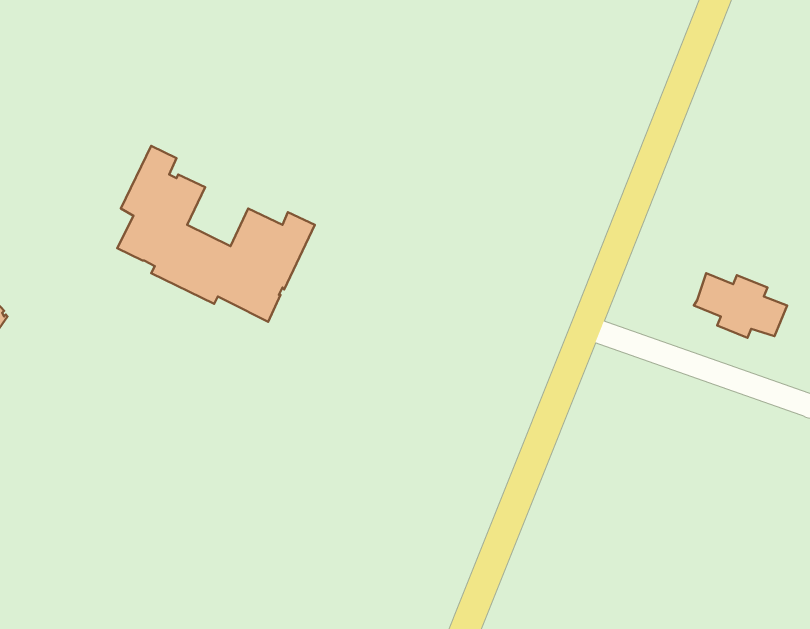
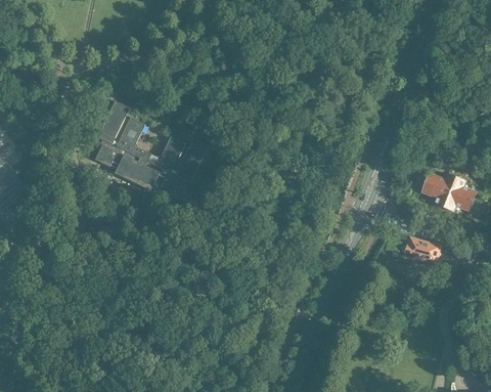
building: none -> [405,235,440,261]

